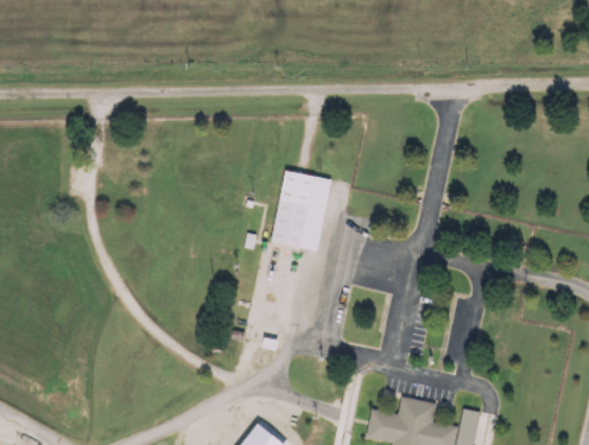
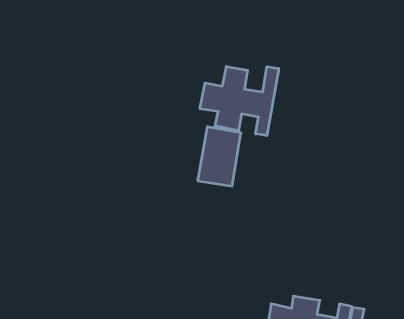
building: none -> [200,66,279,136]

